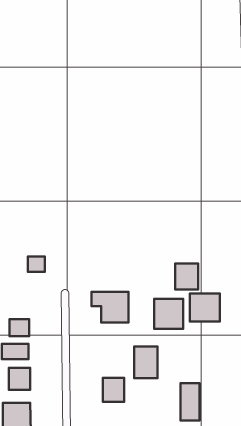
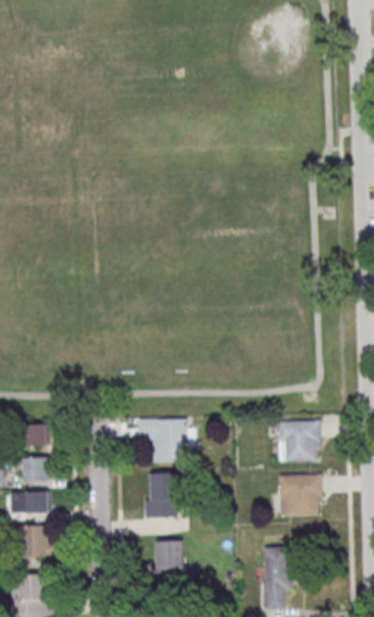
building: [28,256,45,272] -> [24,425,48,447]
building: [175,263,198,289] -> none
building: [154,299,183,329] -> [279,475,320,517]
building: [134,347,157,378] -> [144,474,176,518]

